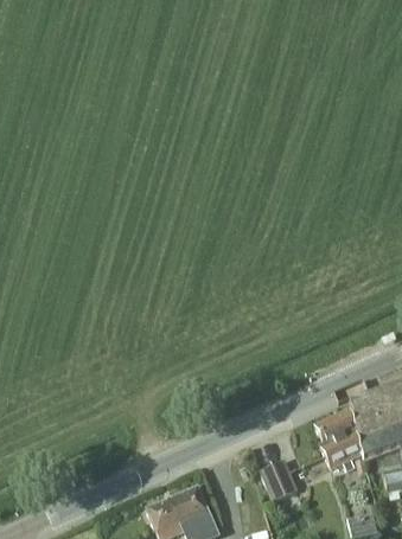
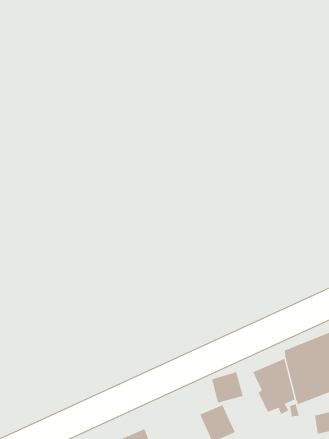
building: none -> [211,371,244,404]

